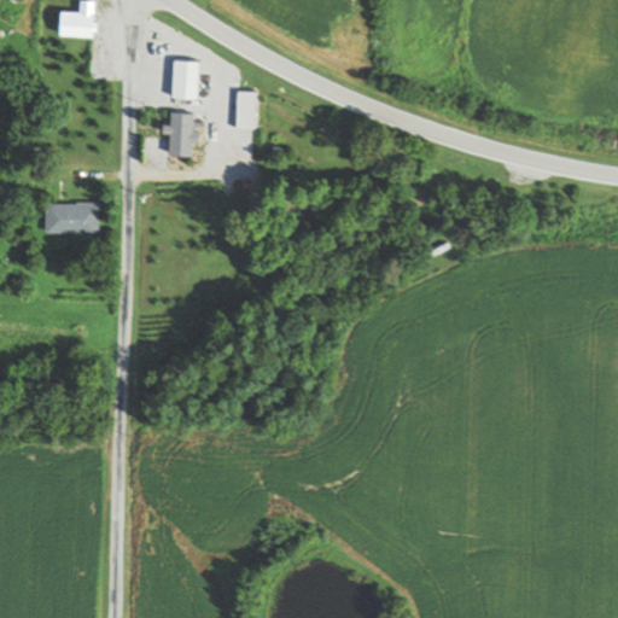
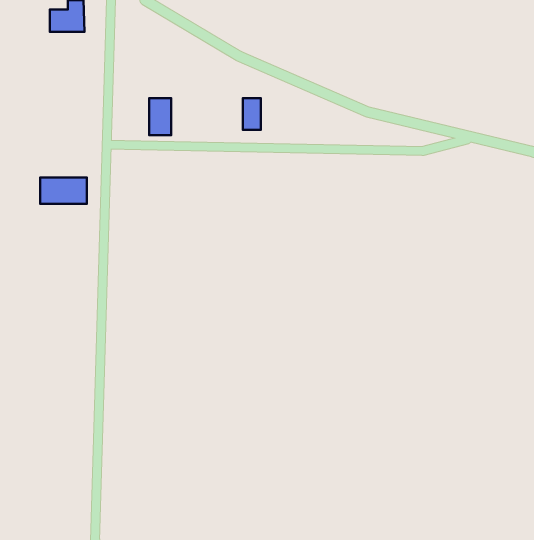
building: [173,60,199,98] -> none
building: [234,92,255,128] -> [243,98,261,130]

